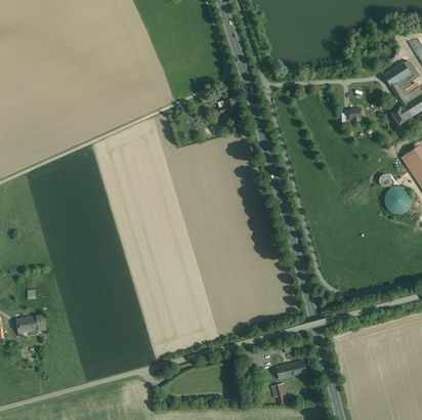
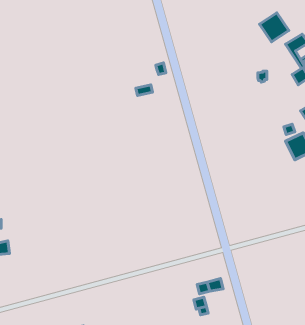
building: none -> [260,13,289,42]

